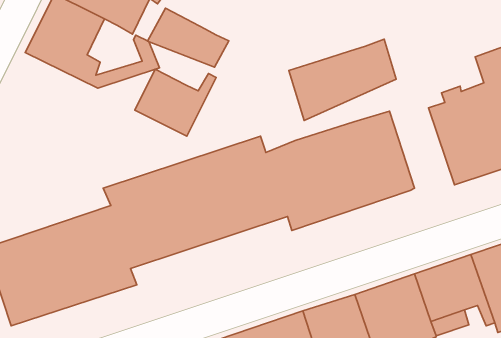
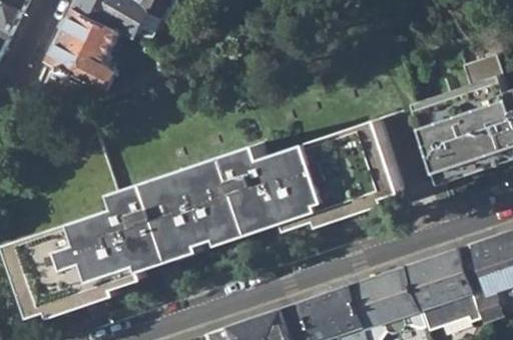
building: [148,8,229,67] -> none
building: [289,39,396,120] -> none
building: [135,69,216,136] -> none

